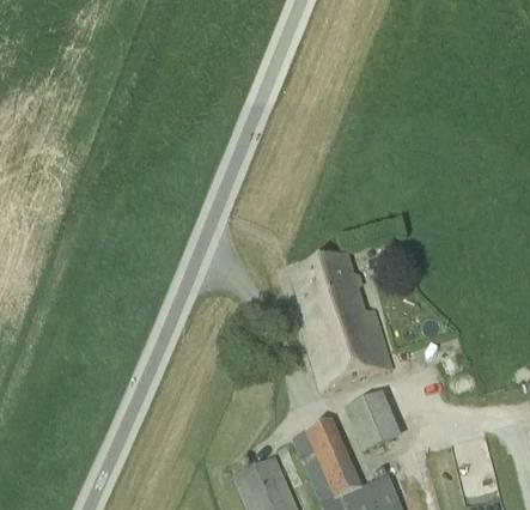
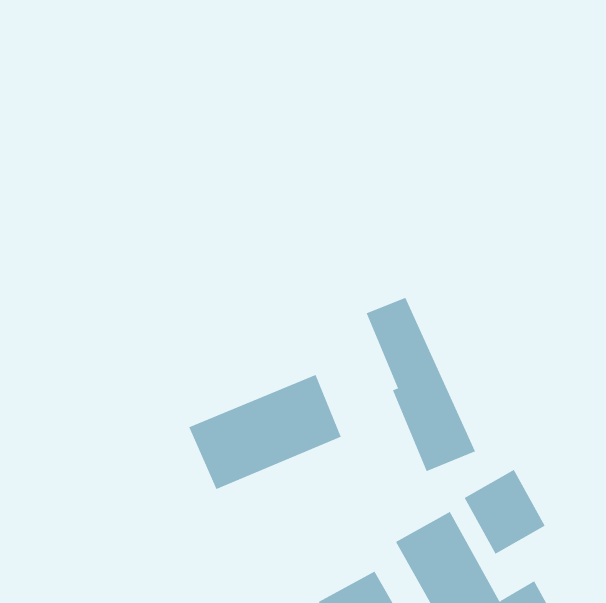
building: [318,253,392,378] -> none
building: none -> [189,374,341,490]

